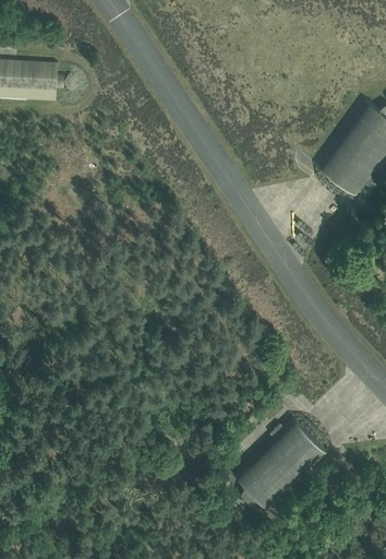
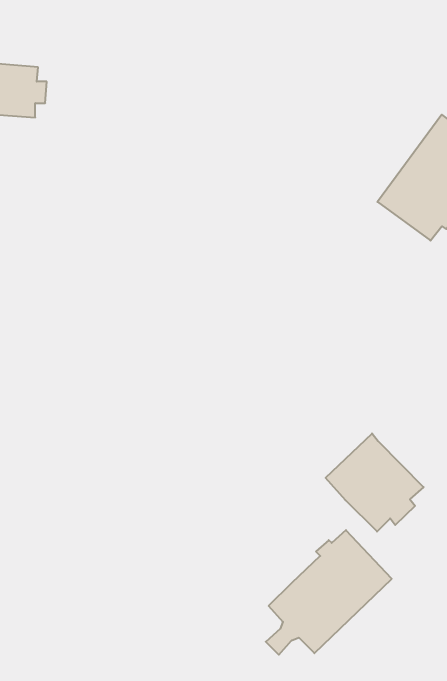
building: none -> [326,433,424,532]

